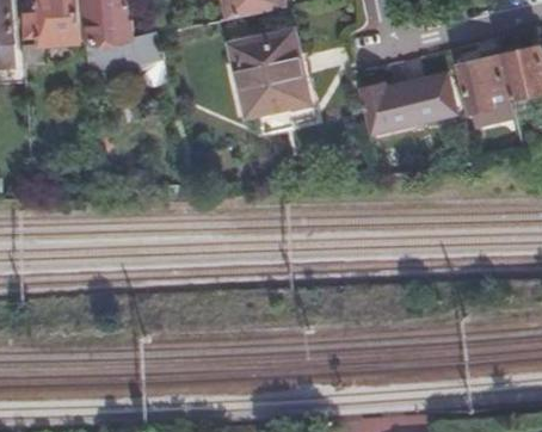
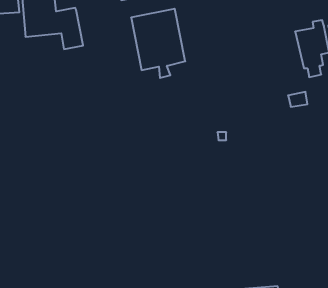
building: [356,76,451,136] -> none

